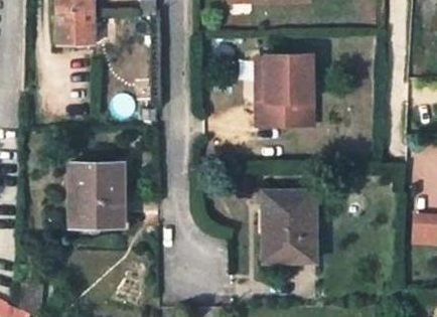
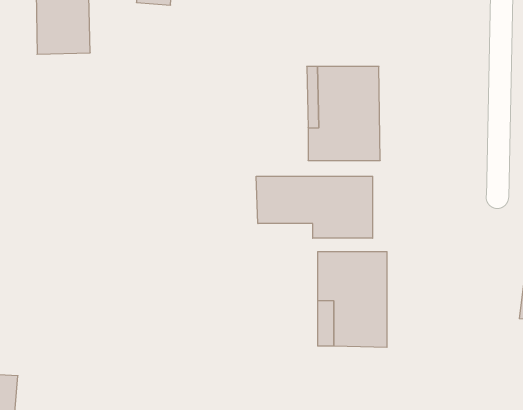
building: none -> [256,176,373,238]
building: [69,163,122,225] -> none

